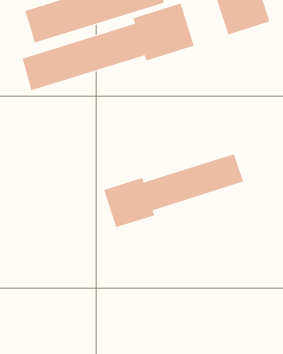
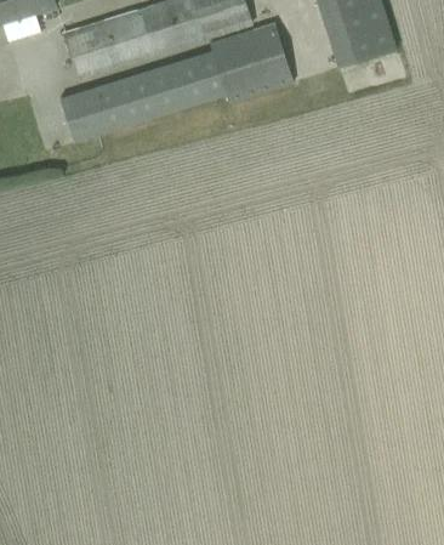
building: [104,153,244,228] -> none

